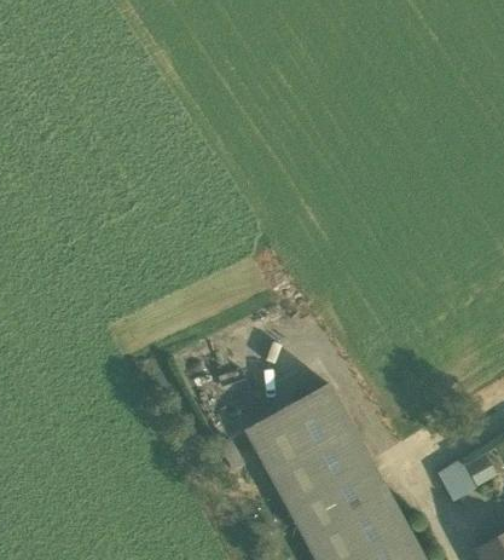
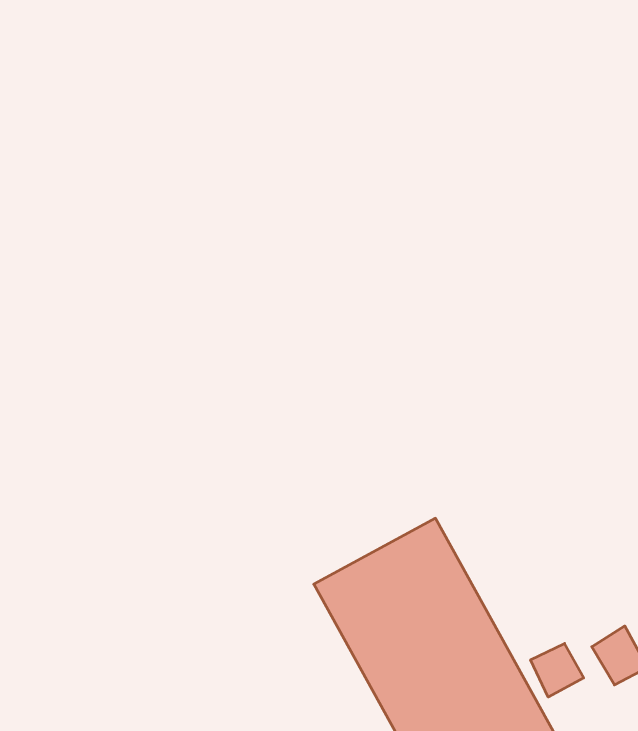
building: none -> [531,643,584,697]

